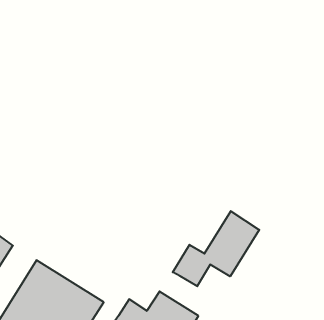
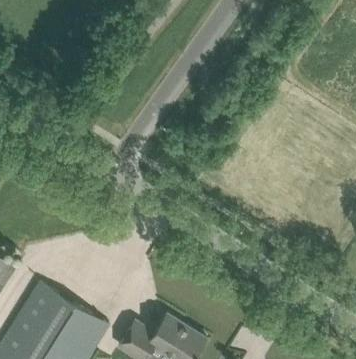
building: [173,211,259,286] -> none

